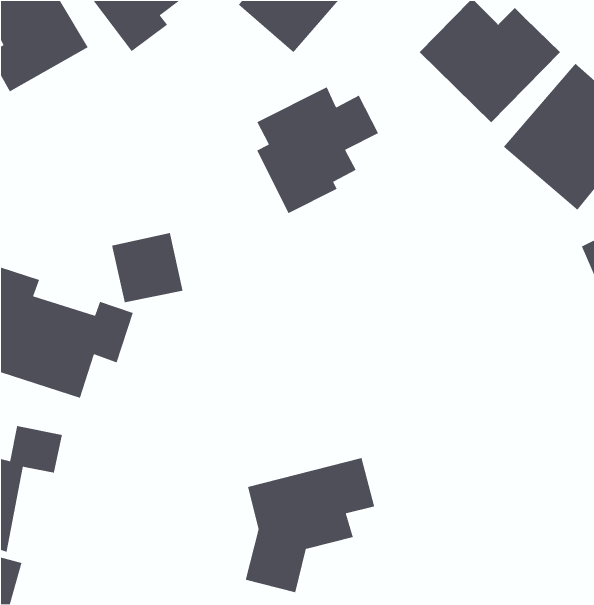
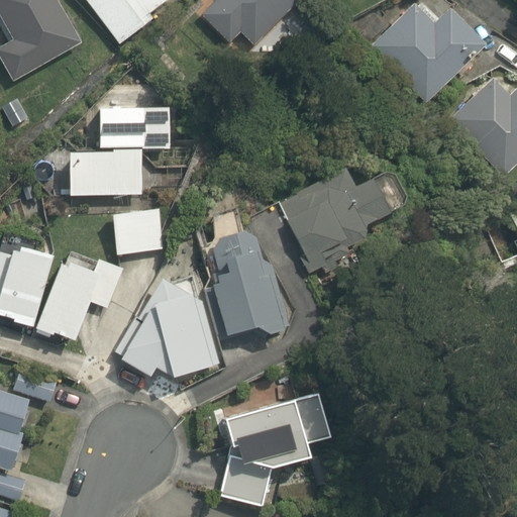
building: [256,86,379,214] -> [285,167,390,276]
building: none -> [56,102,167,197]
building: none -> [206,228,290,336]
building: none -> [115,289,218,376]

